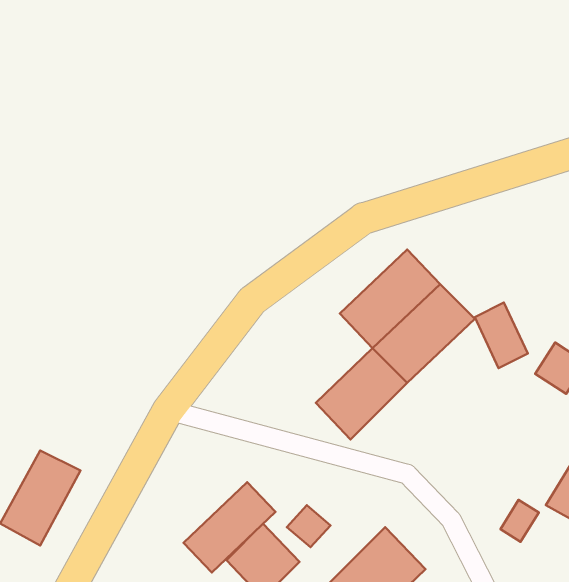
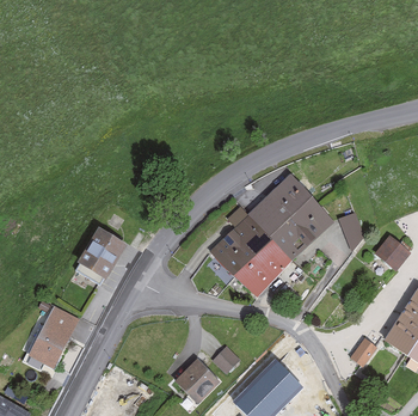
building: none -> [209,208,269,276]
building: none -> [75,232,123,282]
building: [184,482,275,572] -> none

